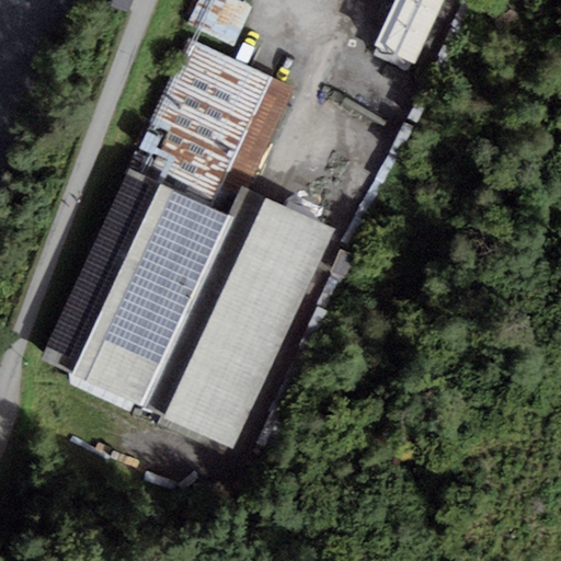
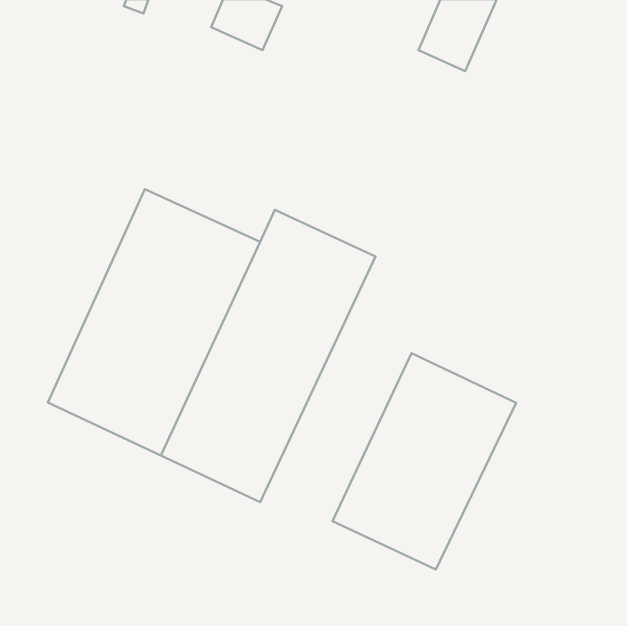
building: [129,41,291,216] -> none
building: none -> [333,353,516,569]

